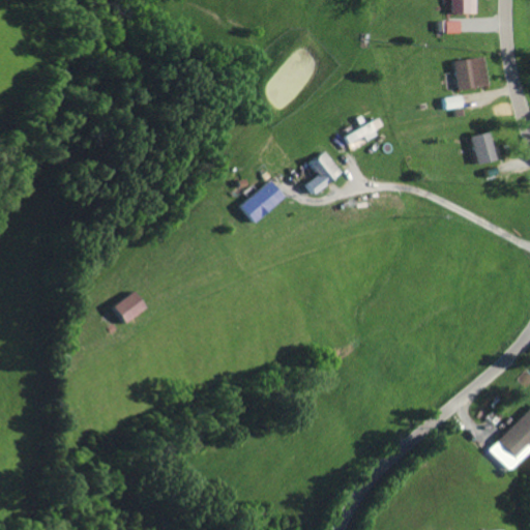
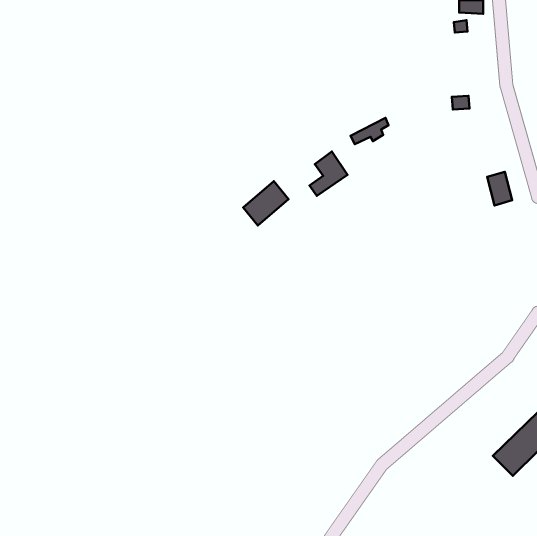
building: [453,56,488,90] -> none
building: [471,131,496,165] -> [487,172,512,205]
building: [114,291,148,324] -> none

